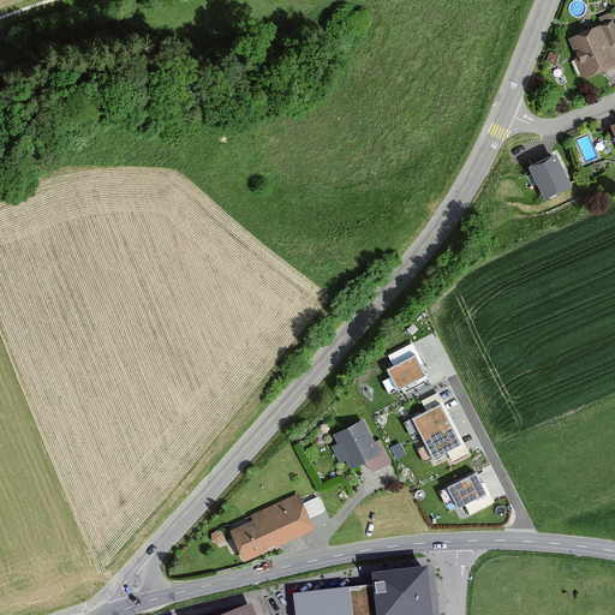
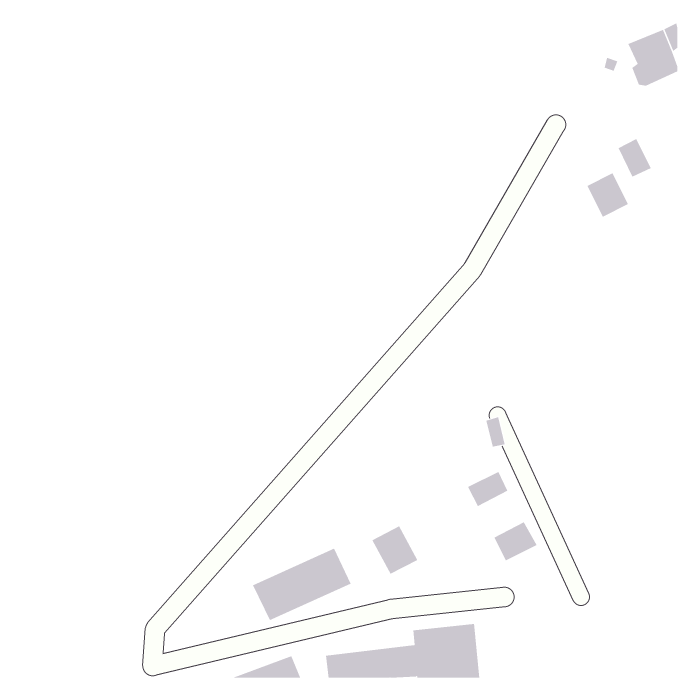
building: none -> [618,138,652,178]
building: [387,356,425,390] -> none
building: [412,404,452,441] -> none
building: [333,420,375,465] -> [372,526,418,575]

